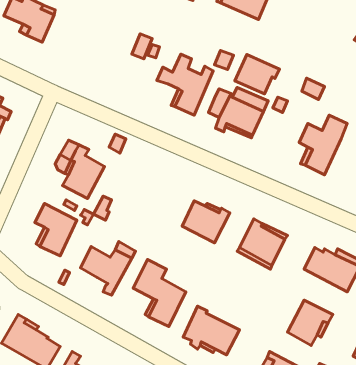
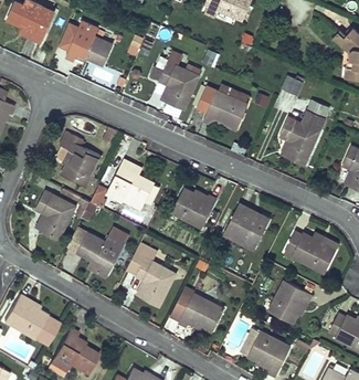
building: none -> [66,21,114,65]
building: [235,54,279,94] -> none
building: none -> [107,160,154,203]

